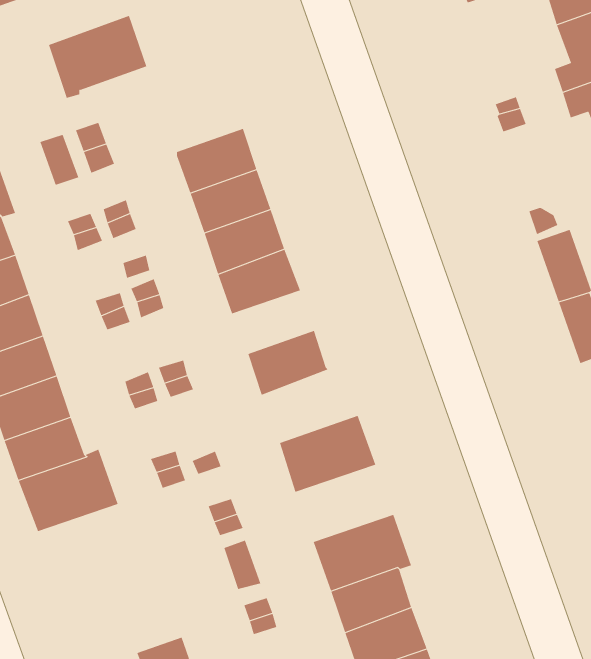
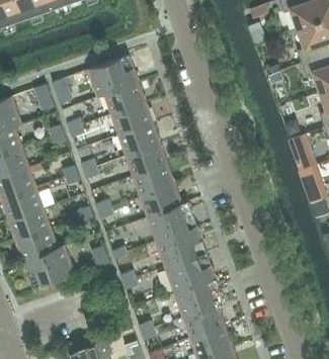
building: [48,15,147,98] -> [87,56,138,98]
building: none -> [132,165,174,197]
building: none -> [147,202,196,243]
building: none -> [164,254,215,293]

